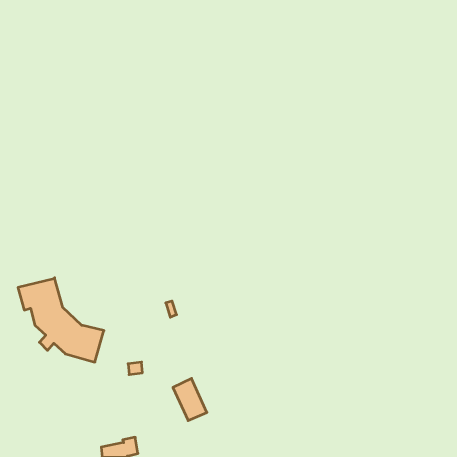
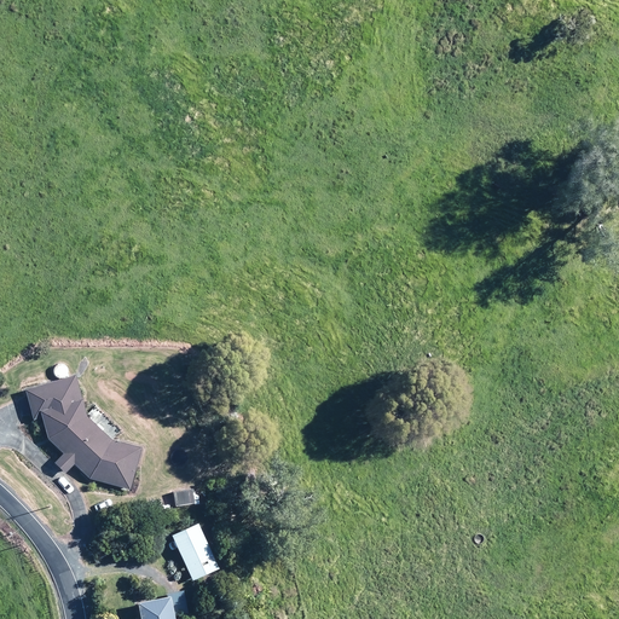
building: [173,378,207,421] -> [172,523,218,580]

